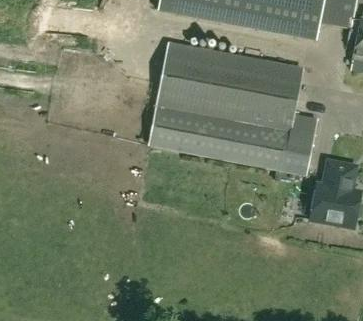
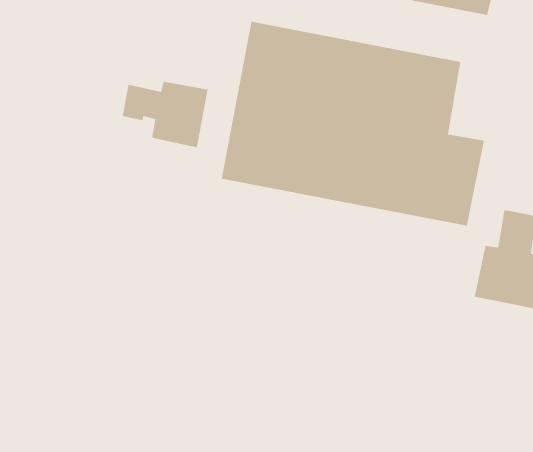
building: none -> [122,81,209,148]

